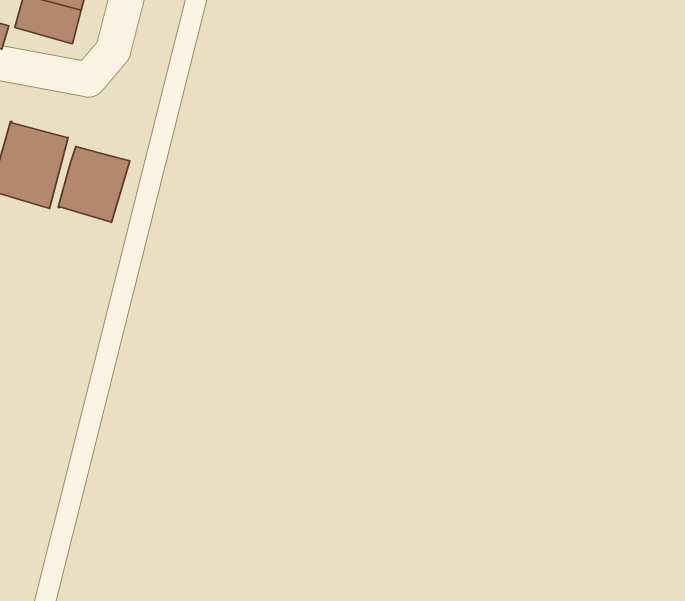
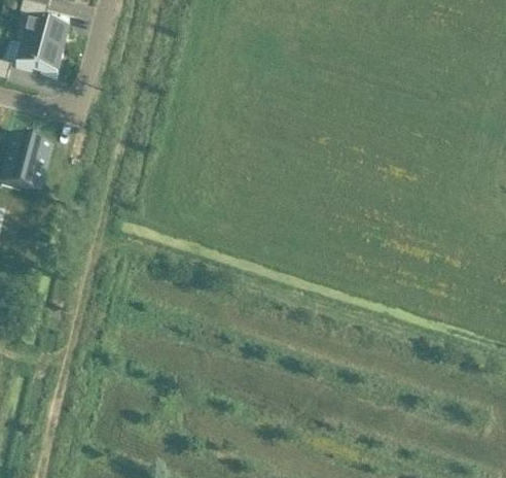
building: [58,147,130,223] -> none

